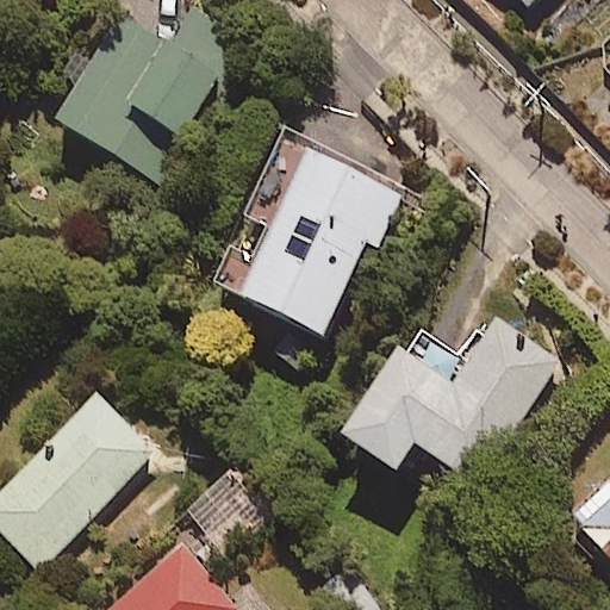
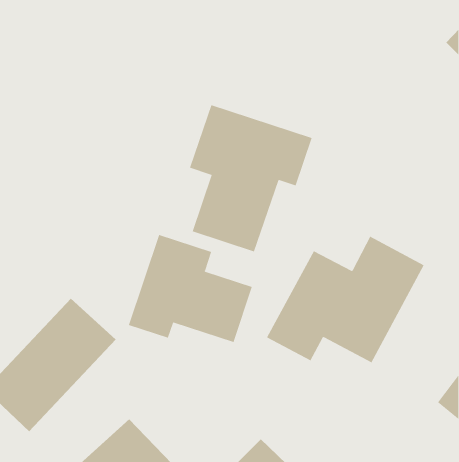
building: [48,12,244,192] -> none
building: none -> [128,234,252,343]

